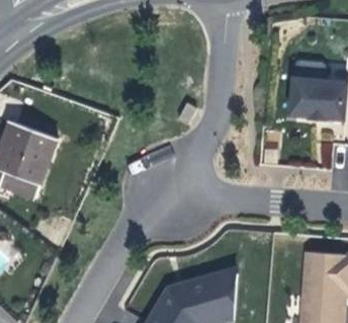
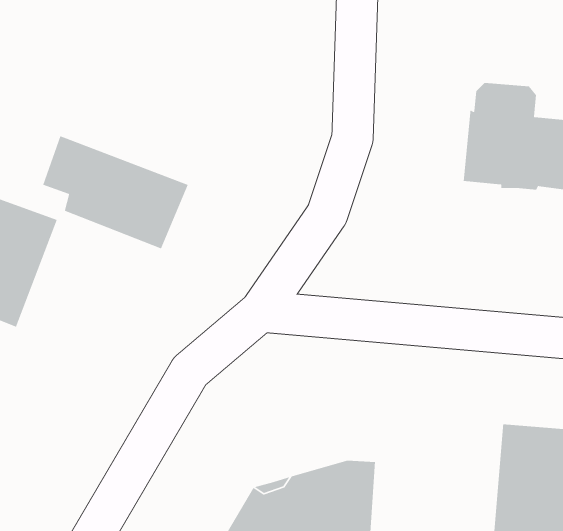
building: none -> [42,135,189,249]

